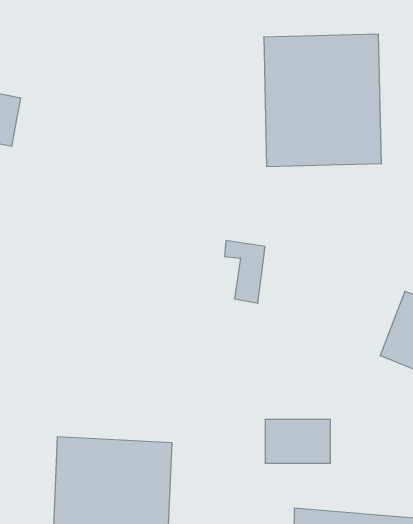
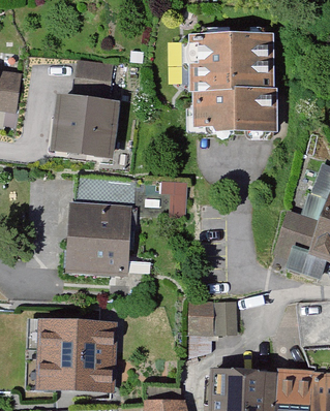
building: none -> [51,62,117,159]
building: none -> [68,182,132,278]

